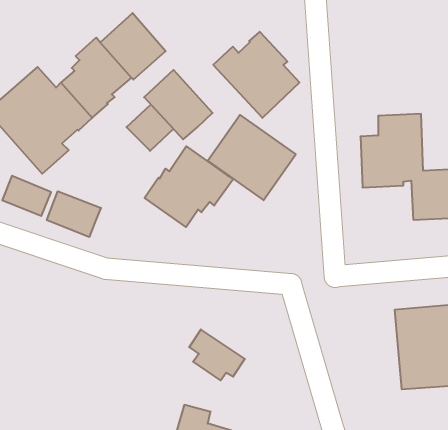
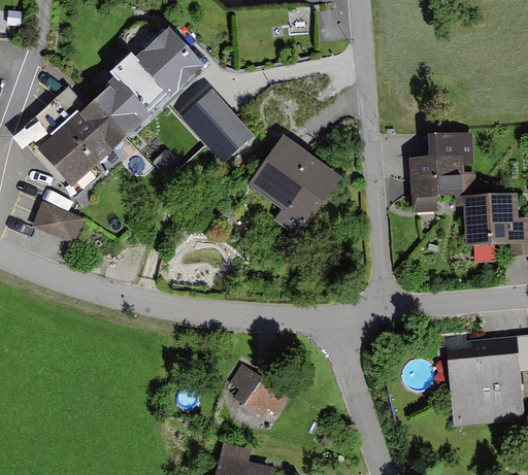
building: [213,32,299,118] -> none
building: [126,104,173,151] -> none
building: [145,146,233,227] -> none
building: [47,191,101,237] -> none

